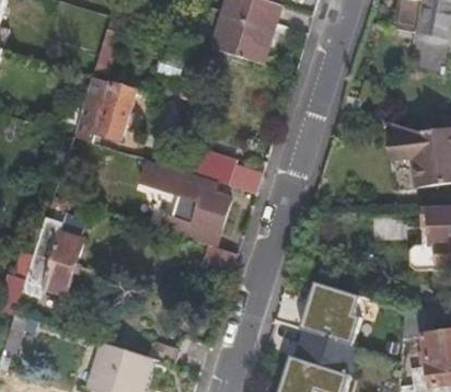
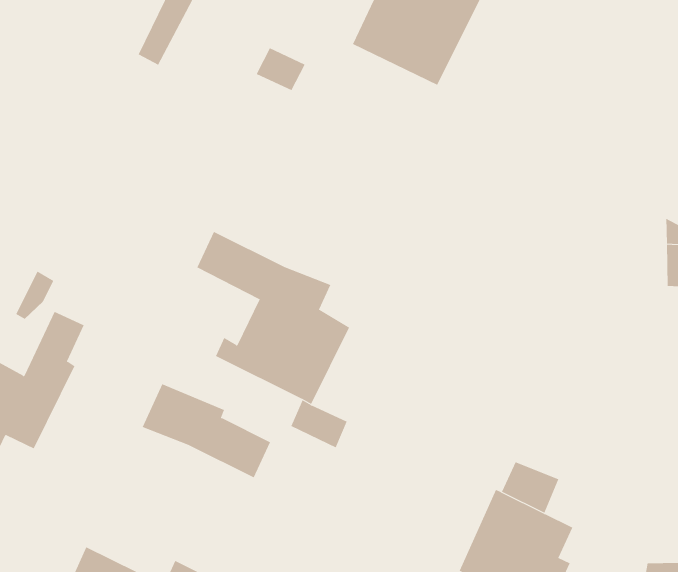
building: [72,76,136,142] -> none
building: [188,149,259,194] -> [142,384,271,478]

